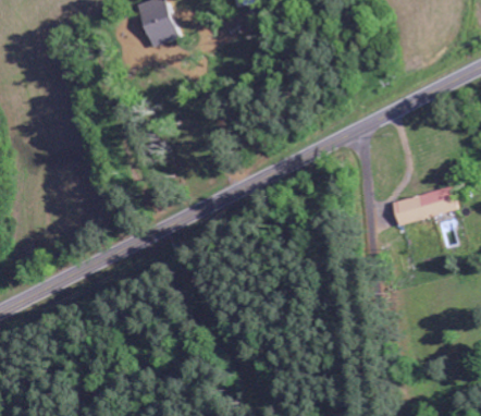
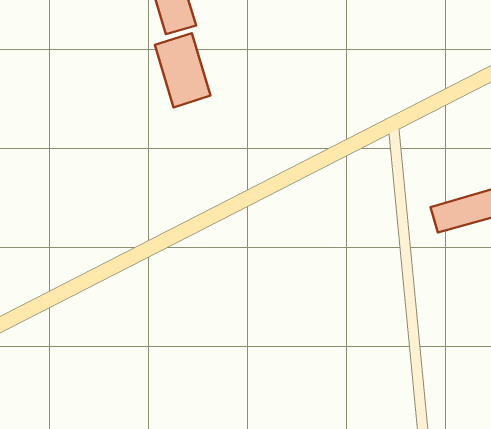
building: none -> [155,33,210,107]

